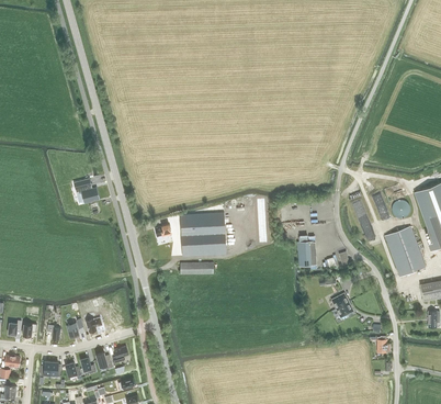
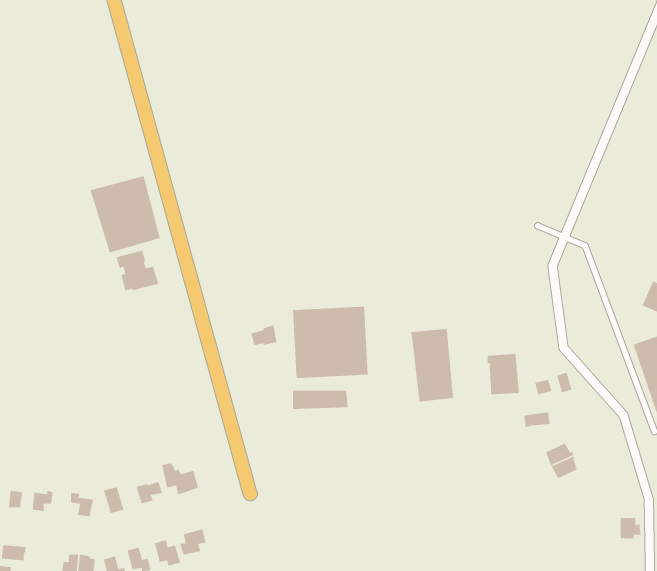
building: none -> [90,175,161,253]
building: none -> [411,328,454,403]

